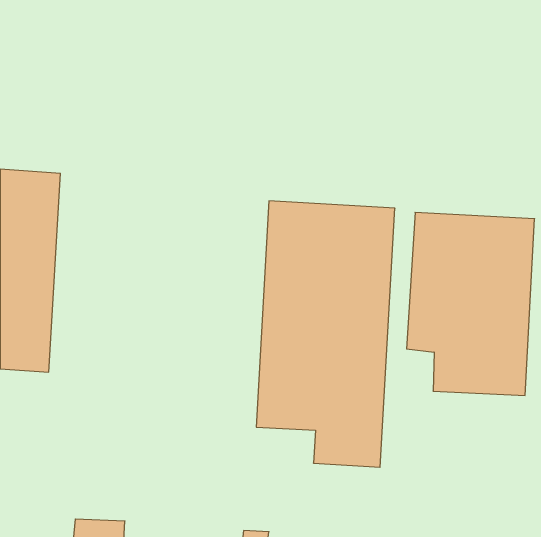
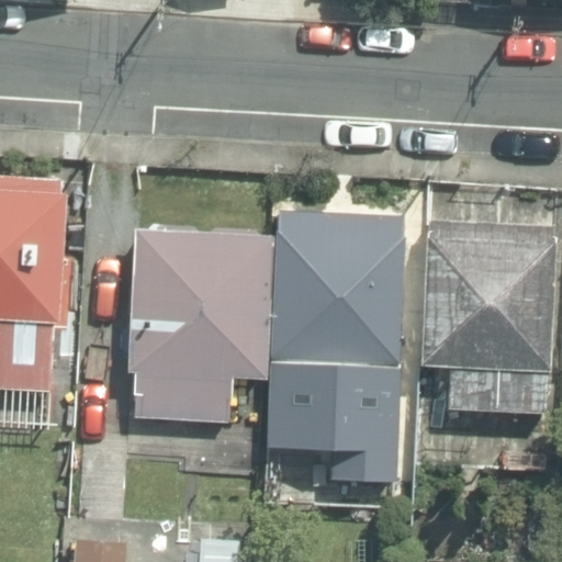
building: none -> [128,224,273,423]

